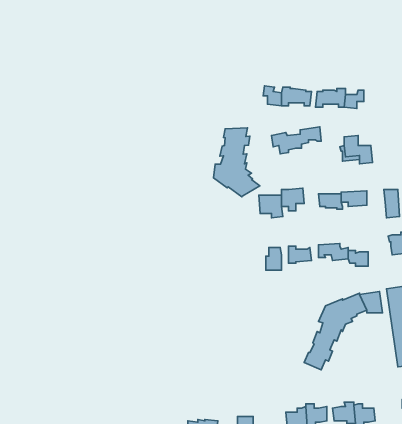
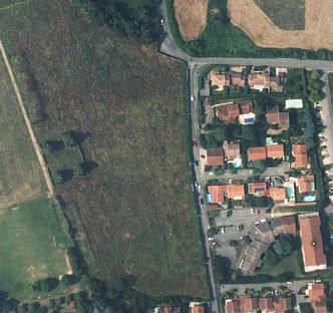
building: [213,128,260,197] -> none

